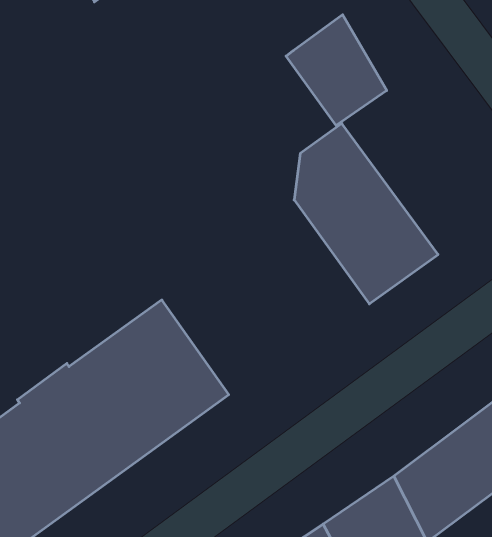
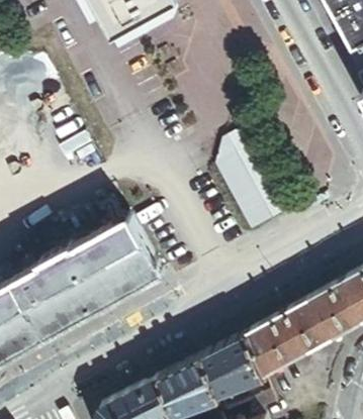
building: [286,15,387,126] -> none

